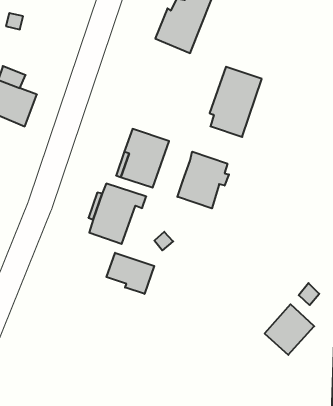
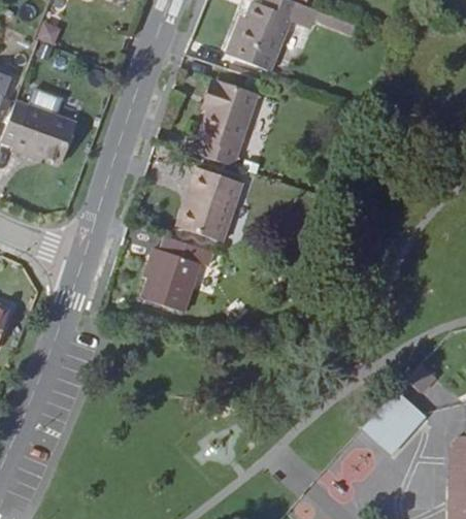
building: [210,67,262,137] -> [194,78,260,167]
building: [177,152,229,208] -> none
building: [106,253,154,294] -> none

